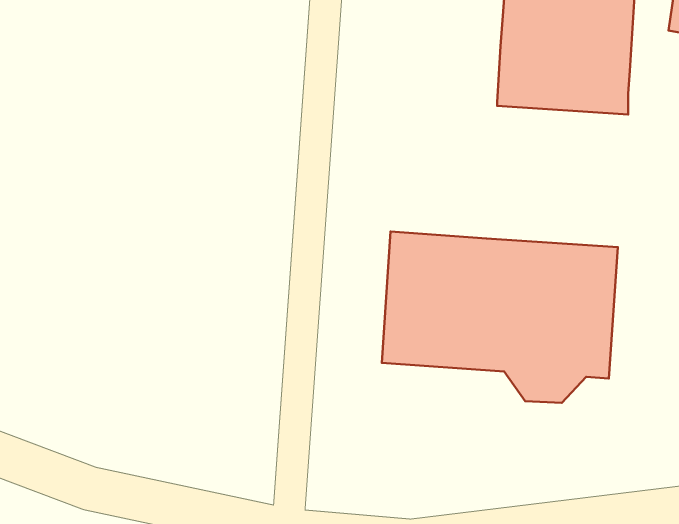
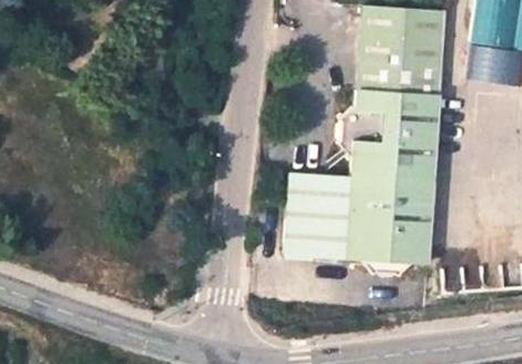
building: none -> [336,90,441,180]

